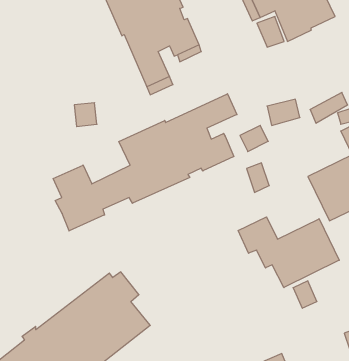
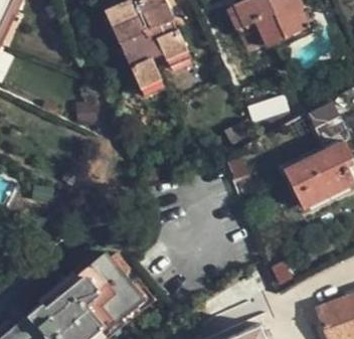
building: [53,94,237,231] -> none
building: [238,217,339,288] -> none

